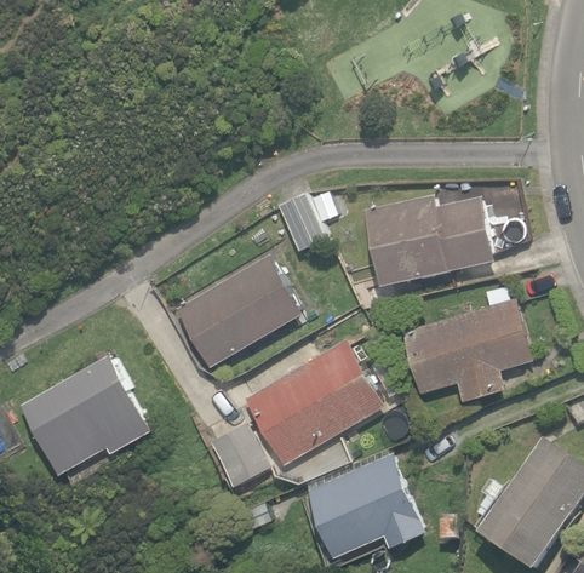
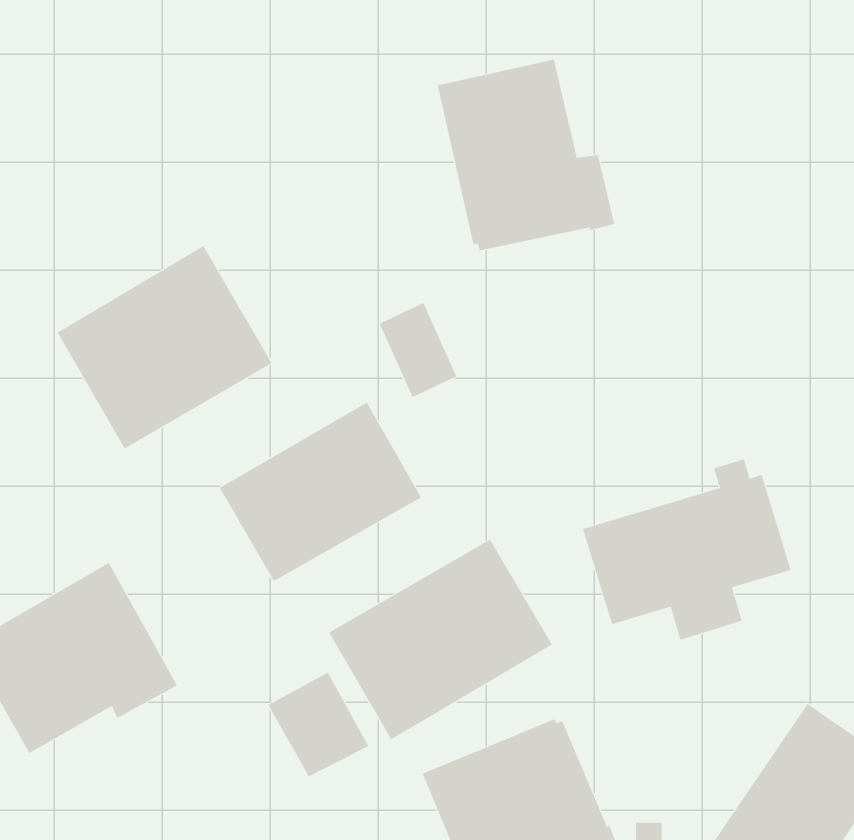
building: none -> [437,59,615,251]
building: none -> [57,245,273,449]
building: [363,195,493,286] -> none

